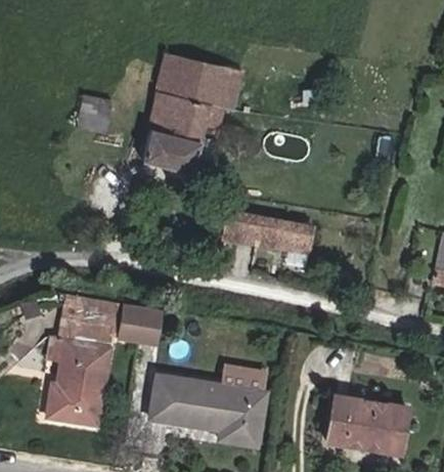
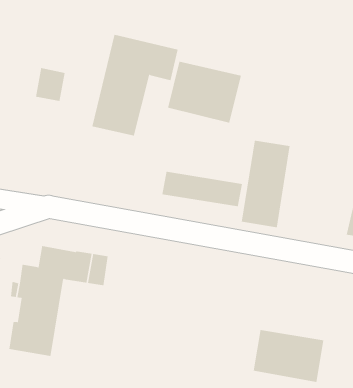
building: none -> [168,61,241,124]
building: none -> [241,140,290,228]
building: [150,366,266,445] -> none

